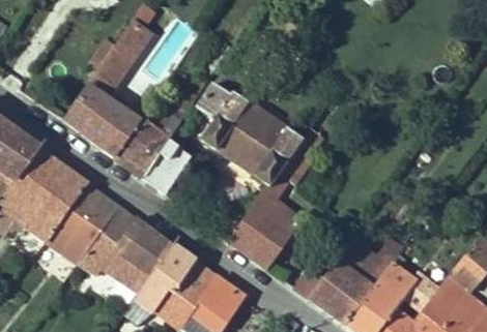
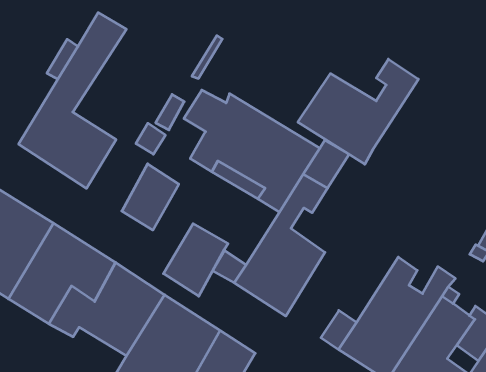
building: none -> [298,59,418,164]
building: [115,119,168,177] -> [163,224,228,296]

